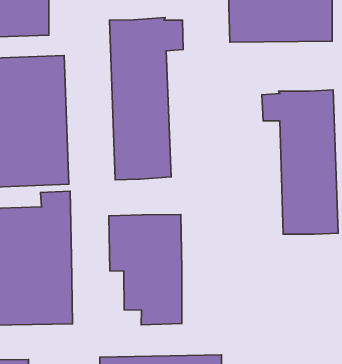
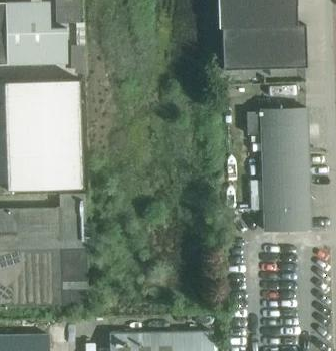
building: [109,17,183,180] -> none
building: [109,215,182,325] -> none

